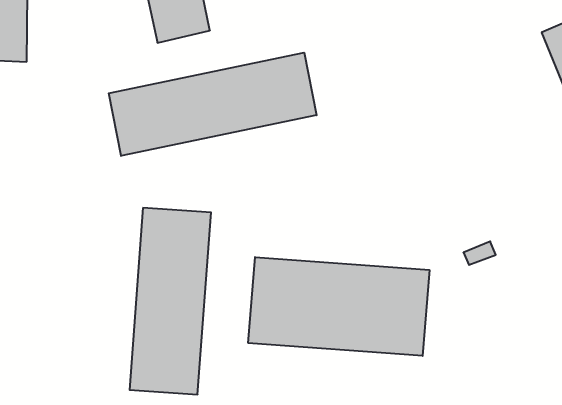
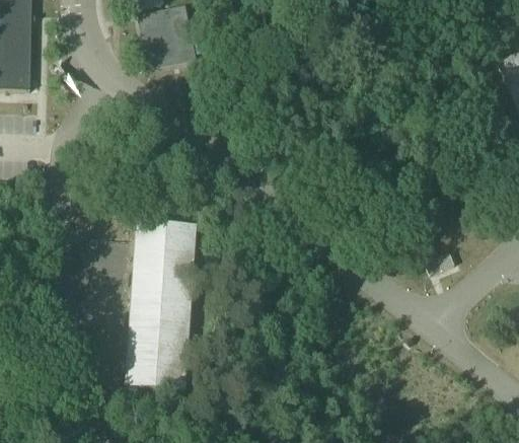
building: [109,53,317,156] -> none
building: [248,257,429,356] -> none

